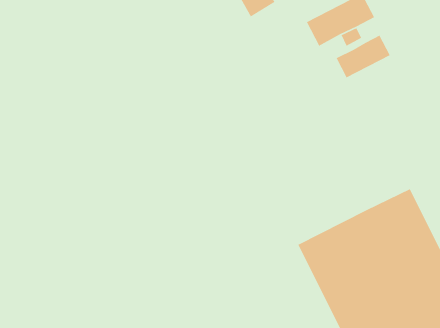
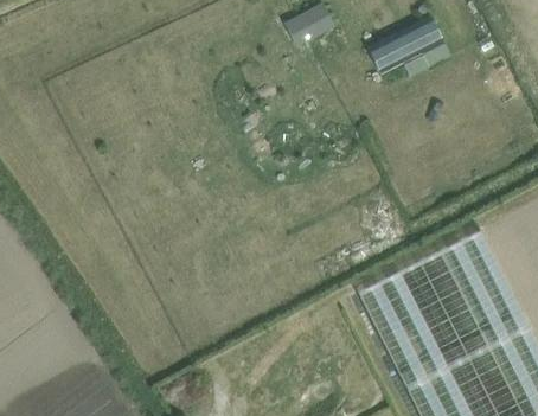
building: [336,35,391,78] -> none

